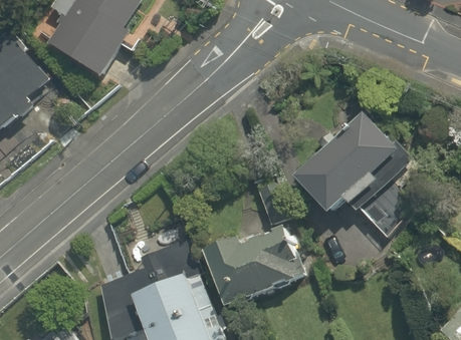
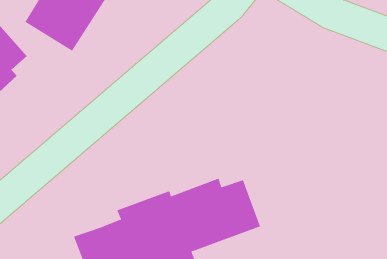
building: [295,111,438,239] -> none

